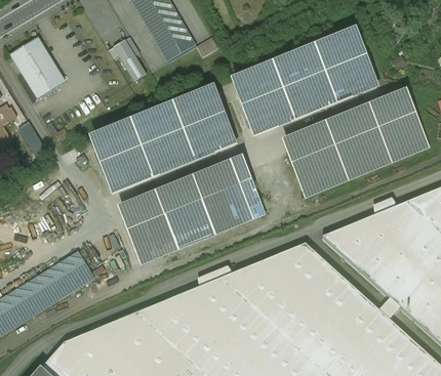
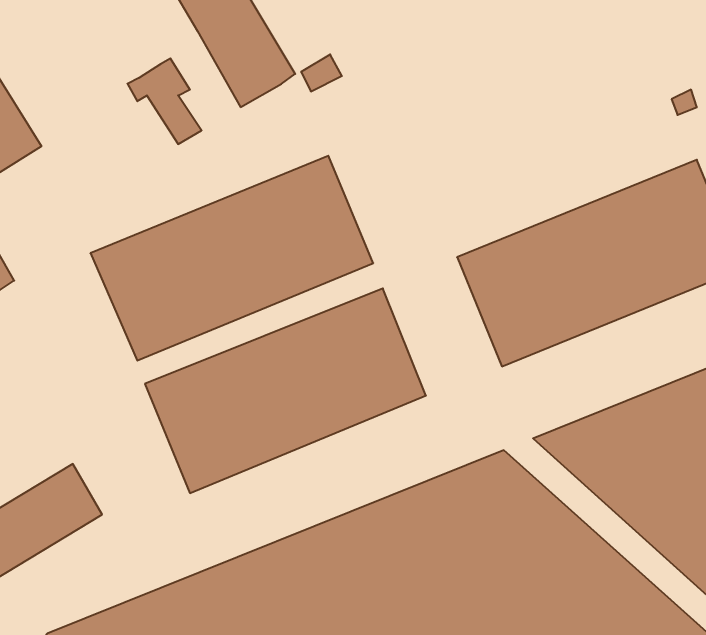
building: [231,31,378,138] -> none

